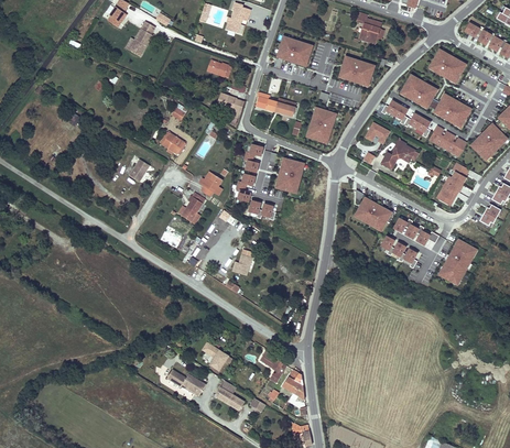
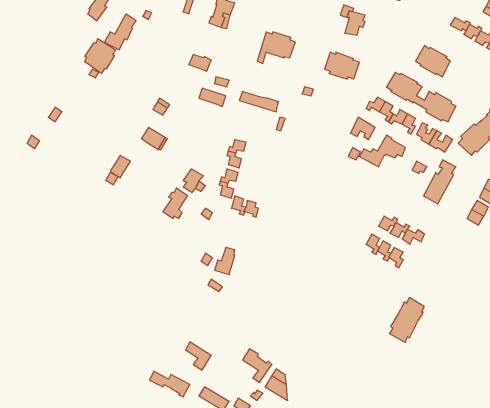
building: none -> [85,39,116,73]
building: [308,109,334,142] -> none
building: [278,159,303,192] -> none
building: [356,200,390,230] -> none
building: [441,241,475,285] -> [389,297,424,342]

